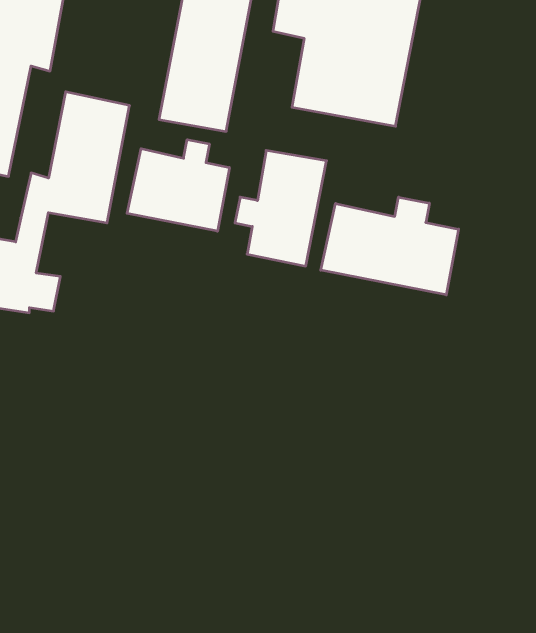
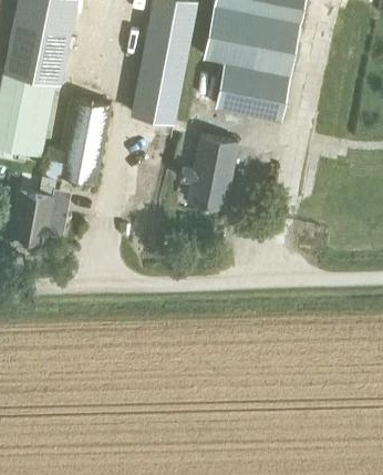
building: [127,140,229,231] -> none
building: [321,197,459,295] -> none

